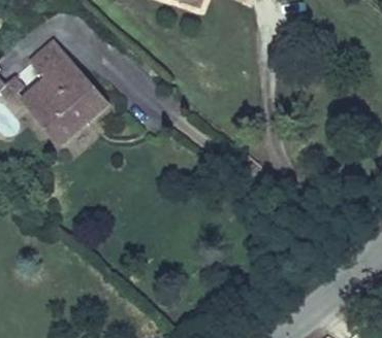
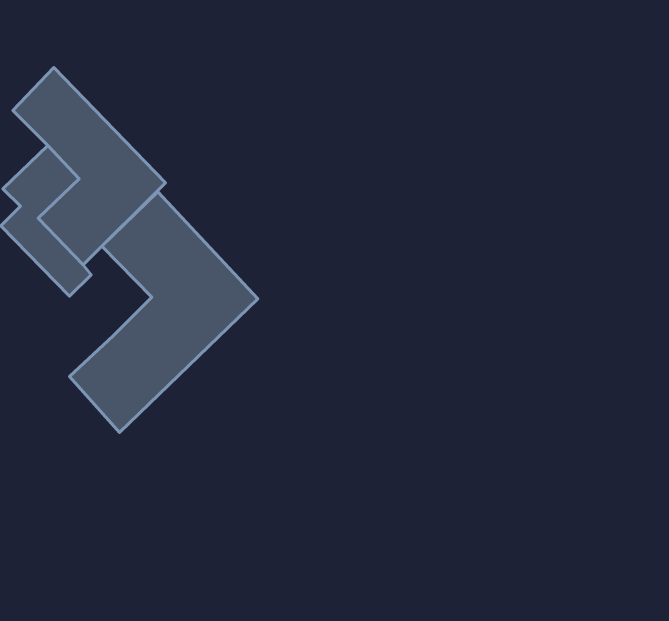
building: none -> [69,192,258,432]

